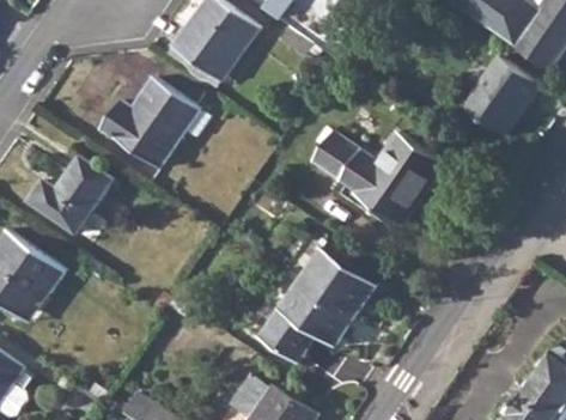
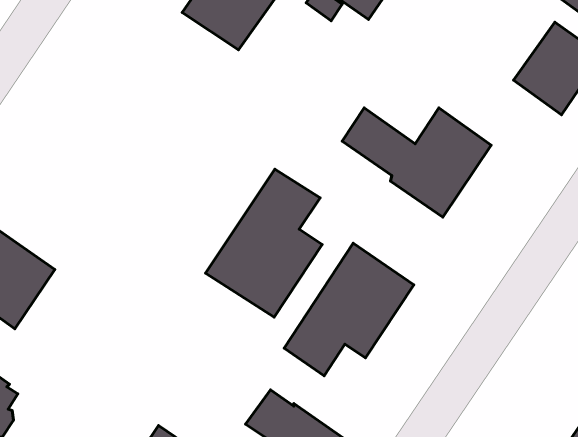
building: [102,77,212,168] -> none
building: [29,156,112,233] -> none
building: none -> [206,169,322,317]

